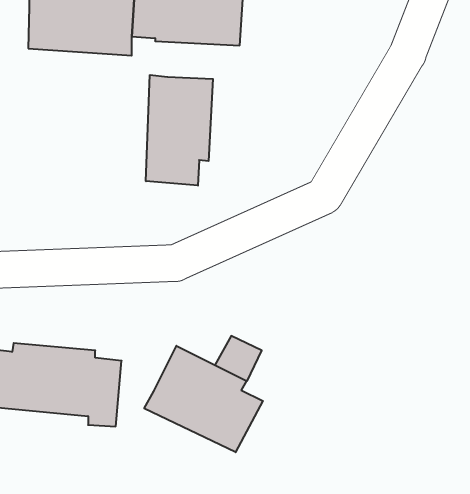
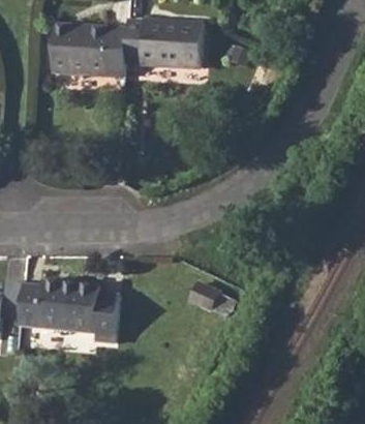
building: [146,75,213,186] -> none
building: [144,346,263,452] -> none

